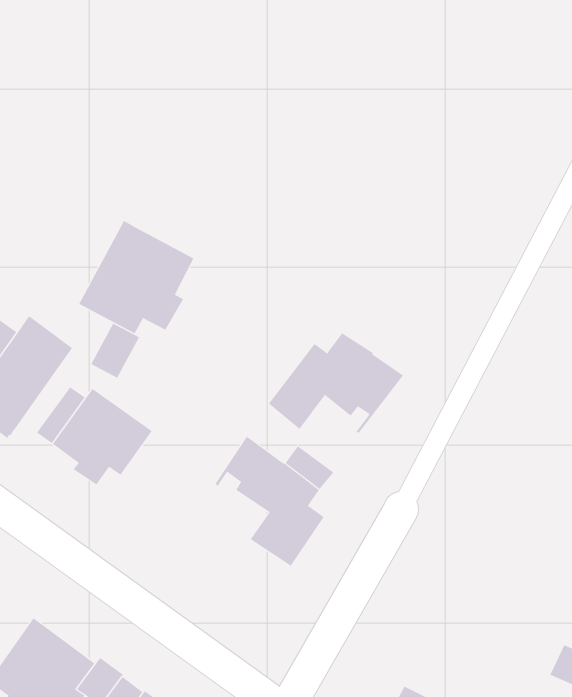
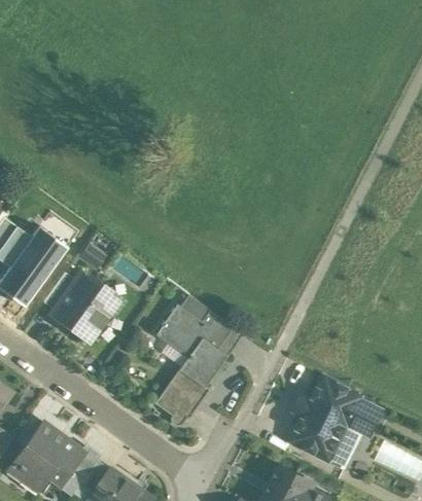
building: [78,220,194,334] -> none
building: [268,333,404,434] -> none
building: none -> [156,371,210,427]
building: none -> [290,377,382,462]

